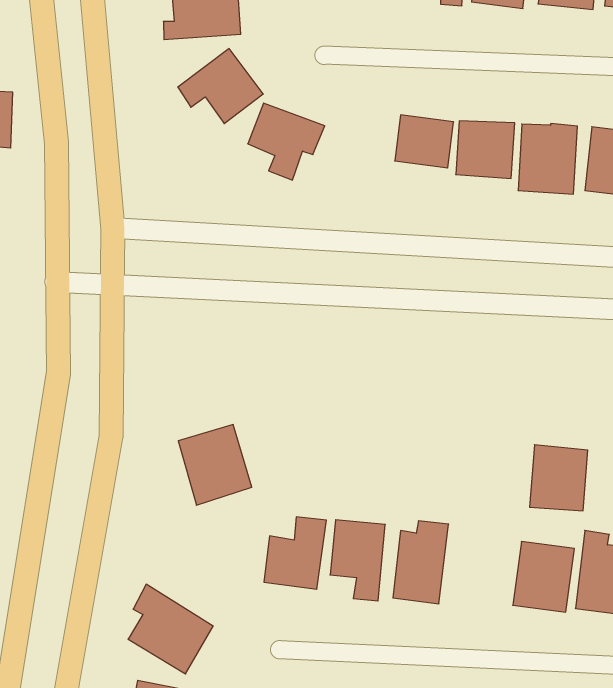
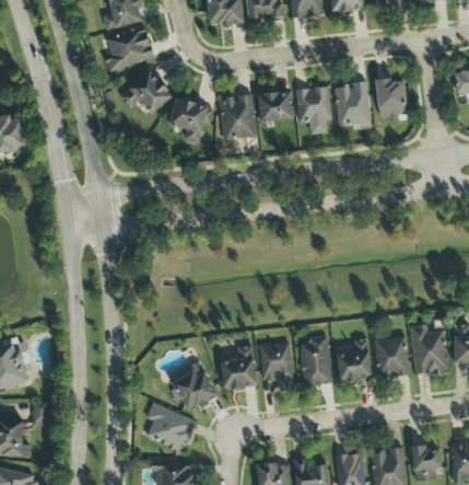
building: none -> [220,95,256,139]
building: [178,425,252,505] -> [169,360,219,413]
building: [530,445,588,511] -> [336,340,372,381]

